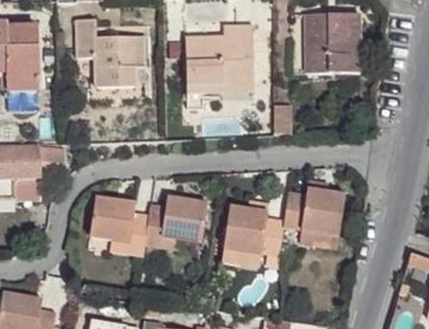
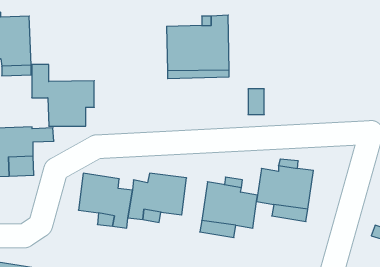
building: [306,13,360,73] -> none
building: [77,19,145,86] -> [32,65,94,126]

